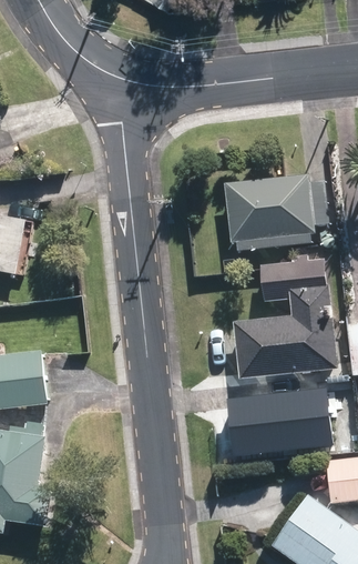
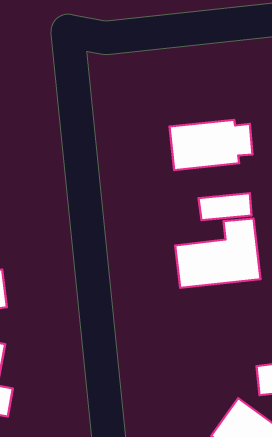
building: [219,380,330,452] -> none

